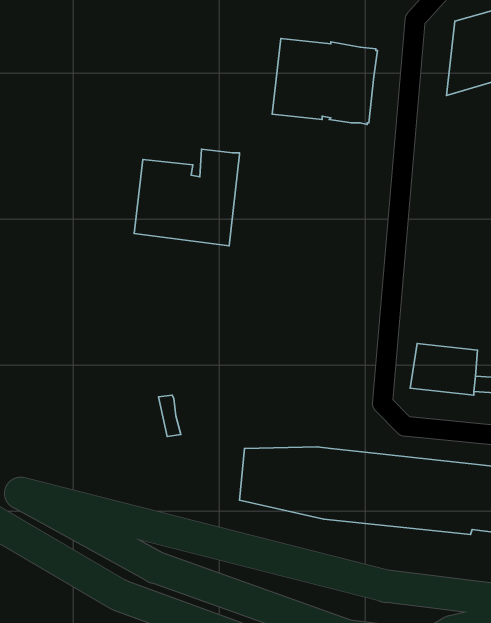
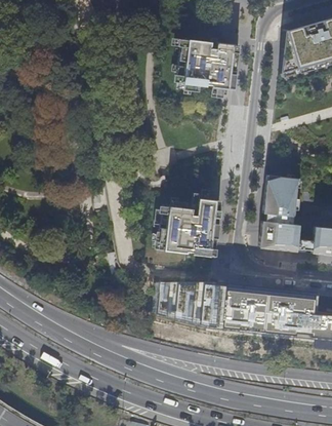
building: [134,149,239,246] -> [160,198,222,256]
building: none -> [264,176,300,217]

